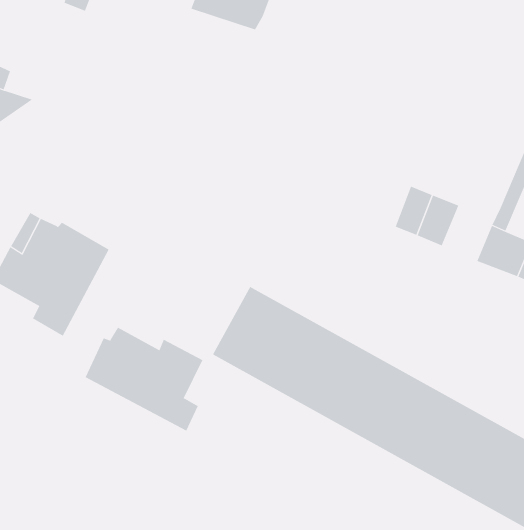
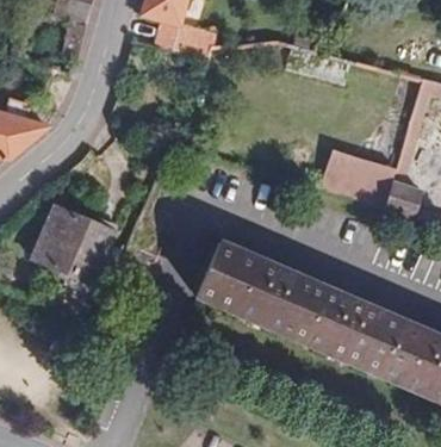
building: none -> [358,159,397,209]
building: [85,327,203,432] -> none

